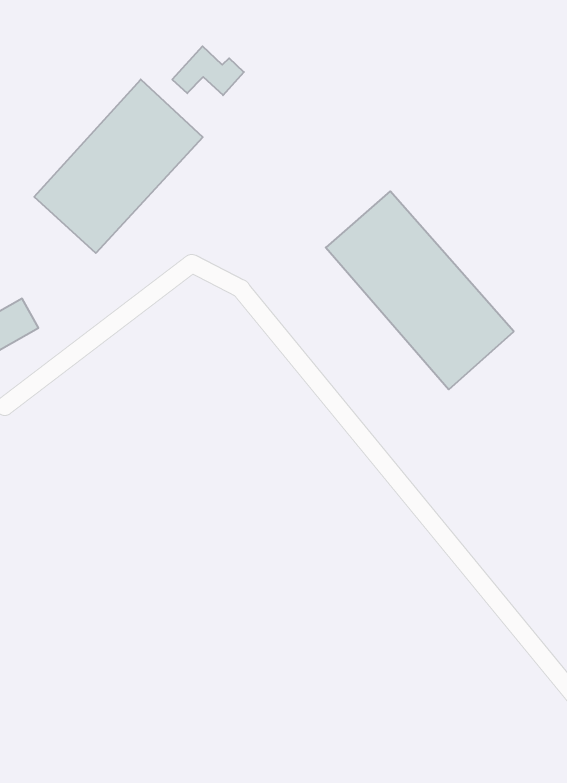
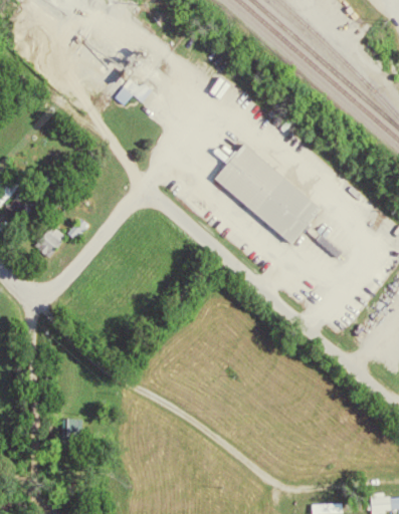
building: [34,79,203,253] -> none

